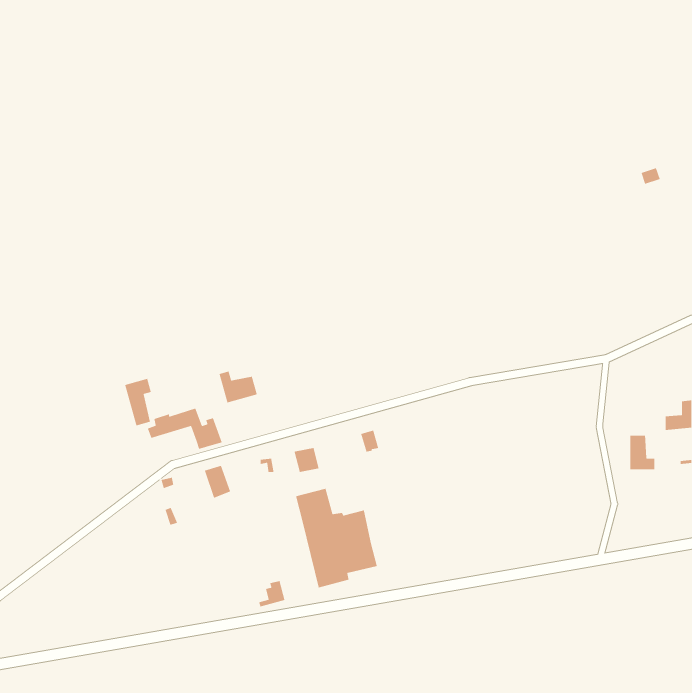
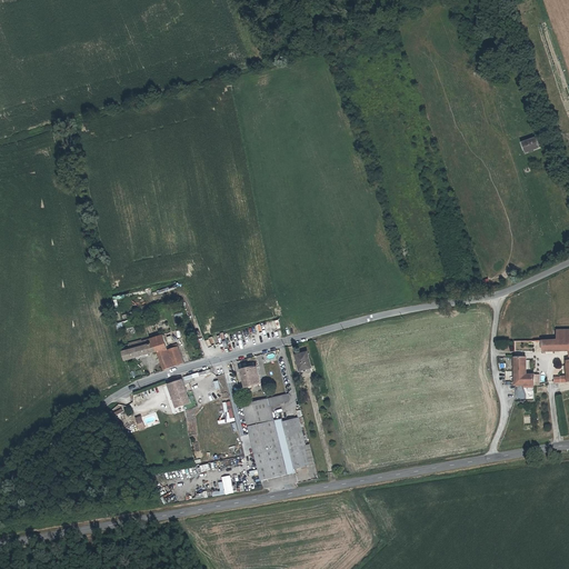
building: [219,370,258,404] -> none
building: [124,378,152,426] -> none

